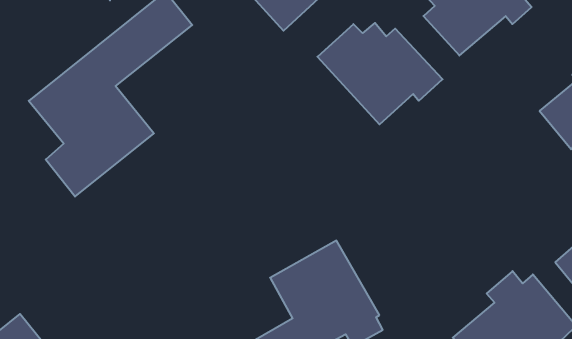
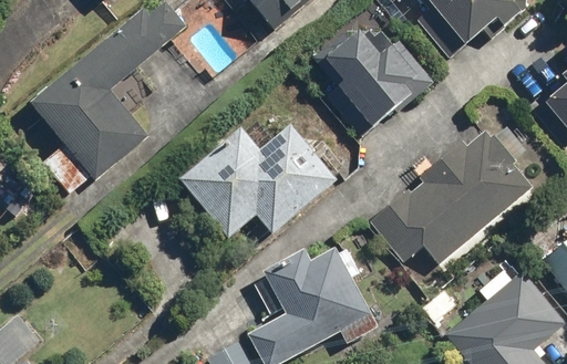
building: none -> [176,124,339,237]
building: none -> [368,125,535,264]

